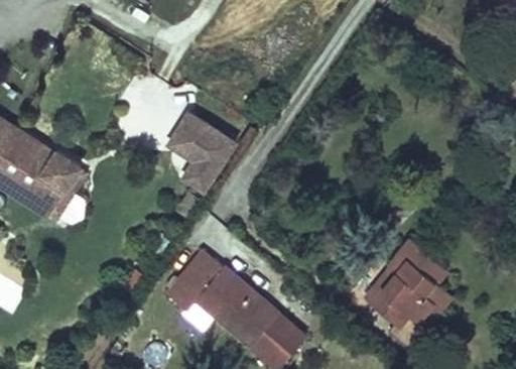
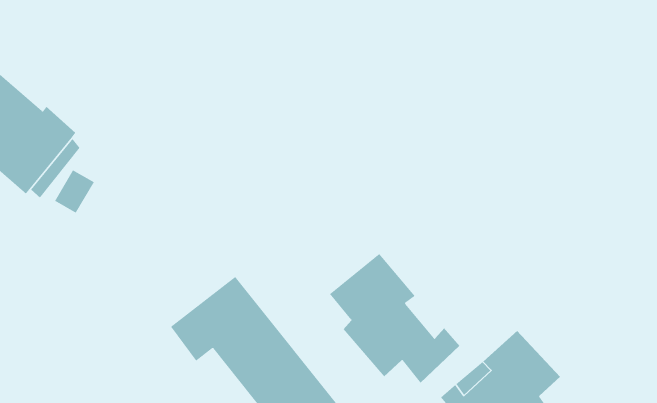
building: [171,106,234,180] -> none
building: none -> [329,253,460,384]

